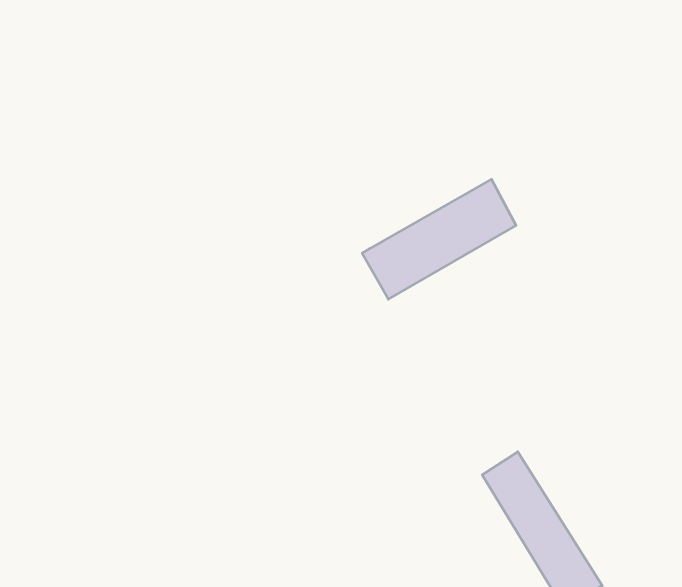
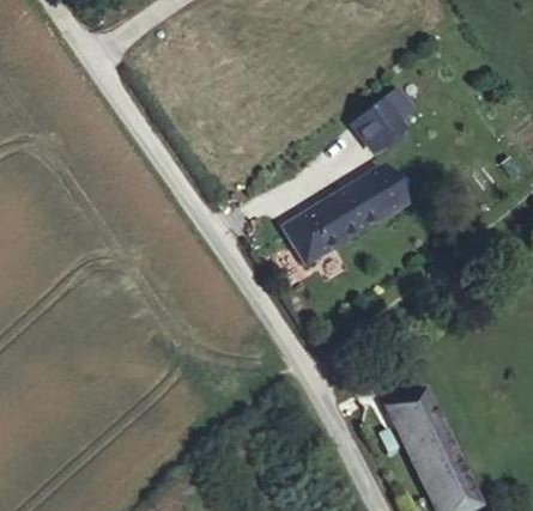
building: none -> [359,95,418,153]

